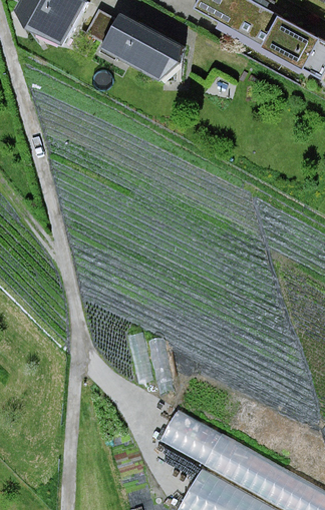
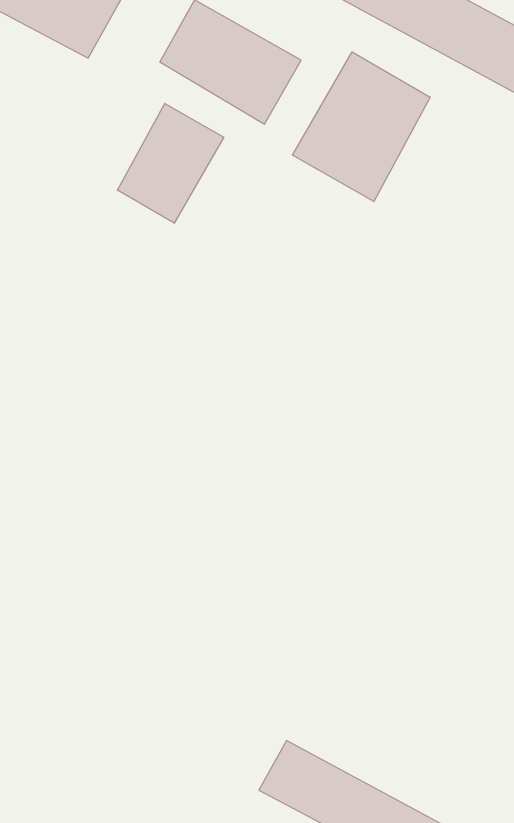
building: none -> [293,52,430,202]
building: none -> [117,103,224,223]

